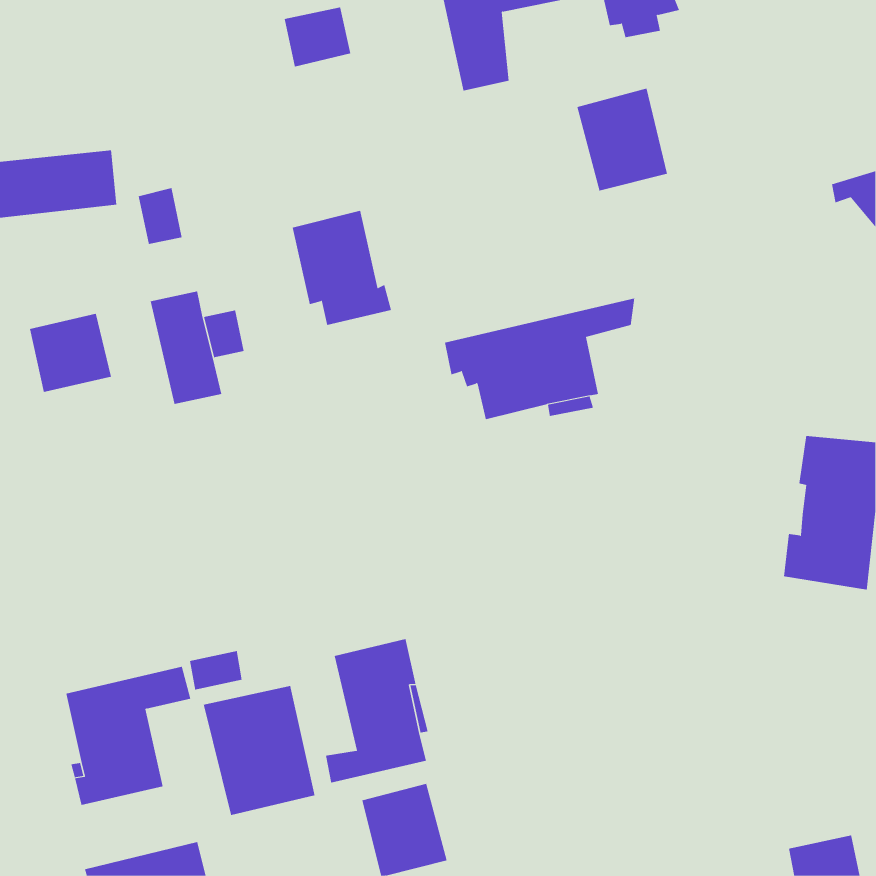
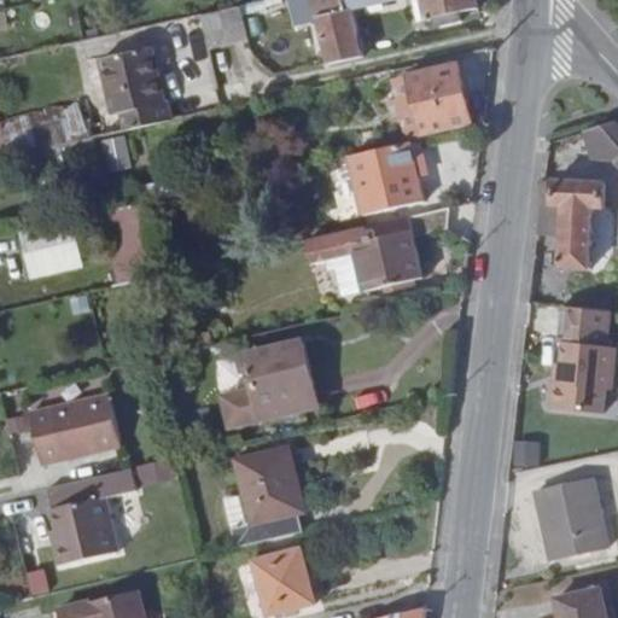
building: none -> [348,141,421,214]
building: [292,210,392,326] -> [107,47,177,128]
building: none -> [540,176,605,268]
building: none -> [222,342,313,422]
building: none -> [22,393,113,464]
building: none -> [535,477,605,558]
building: [203,685,315,816] -> none

